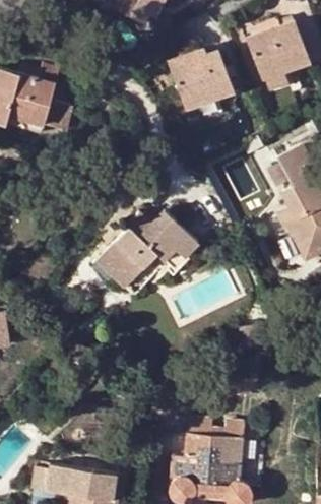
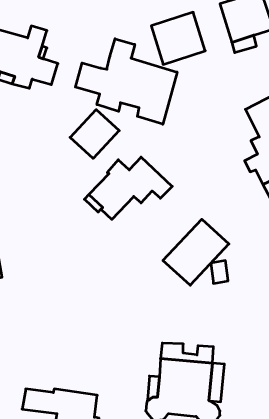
building: none -> [75,39,177,124]
building: none -> [70,110,119,158]
building: none -> [163,219,229,285]

